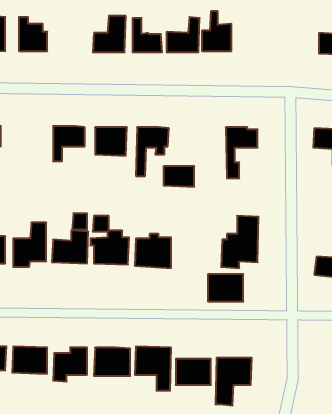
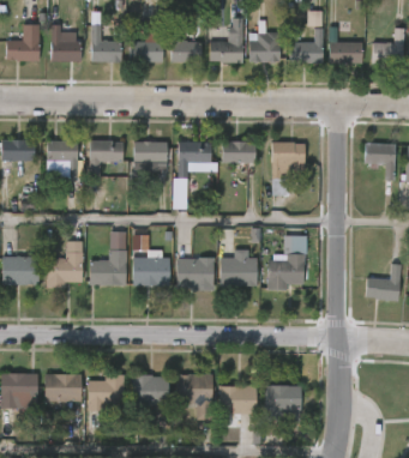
building: none -> [91,25,124,61]
building: none -> [287,28,320,62]
building: none -> [325,42,357,64]
building: none -> [46,140,77,177]
building: [164,166,194,187] -> [222,141,254,163]
building: [208,274,243,302] -> [219,258,257,287]

